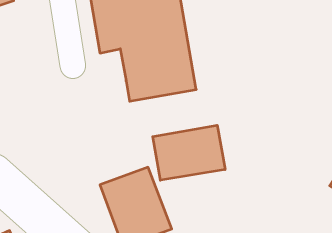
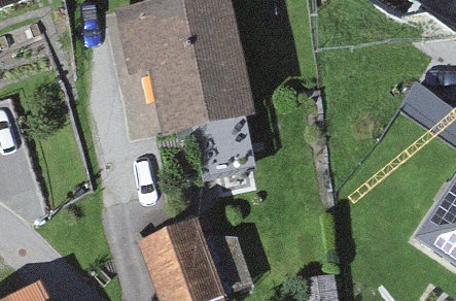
building: [153,125,225,180] -> none

